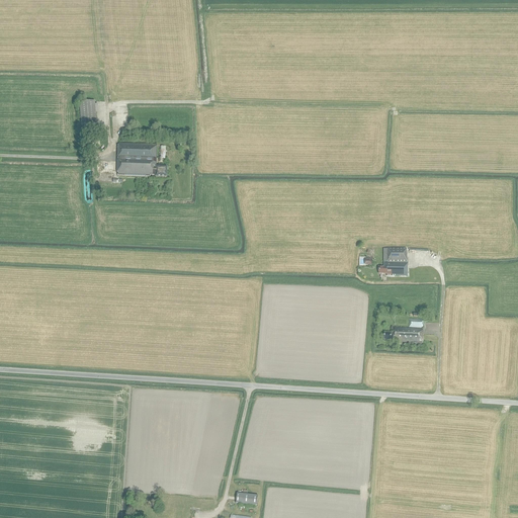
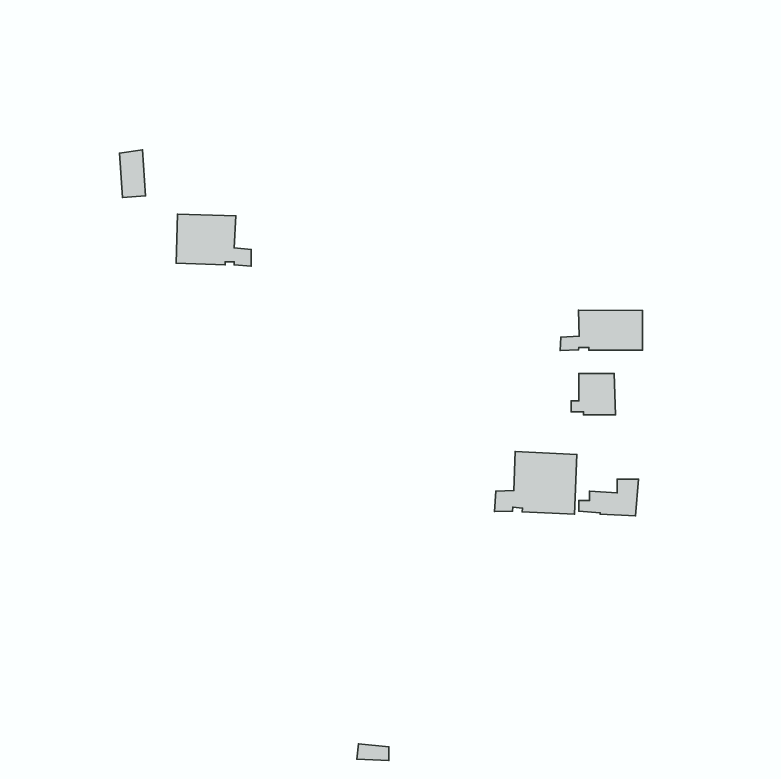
building: none -> [560,310,642,351]
building: none -> [494,452,577,514]

